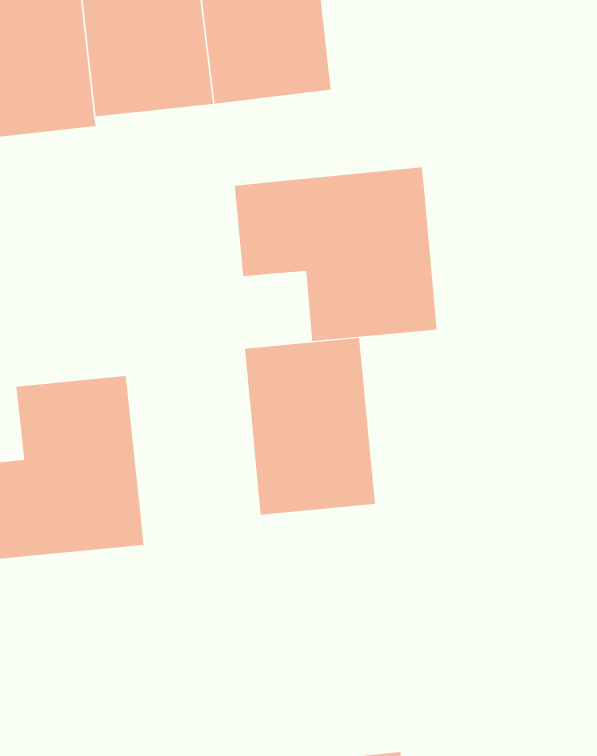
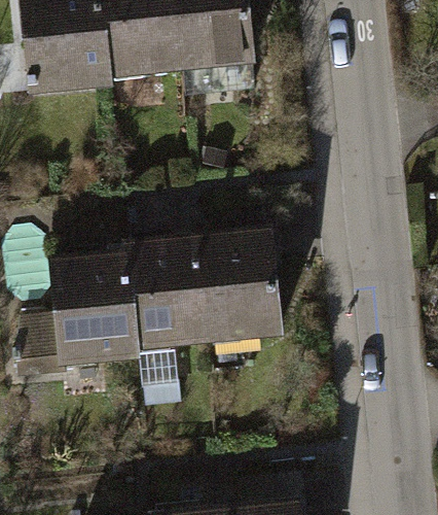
building: [234,167,437,342] -> none
building: none -> [120,233,208,348]

